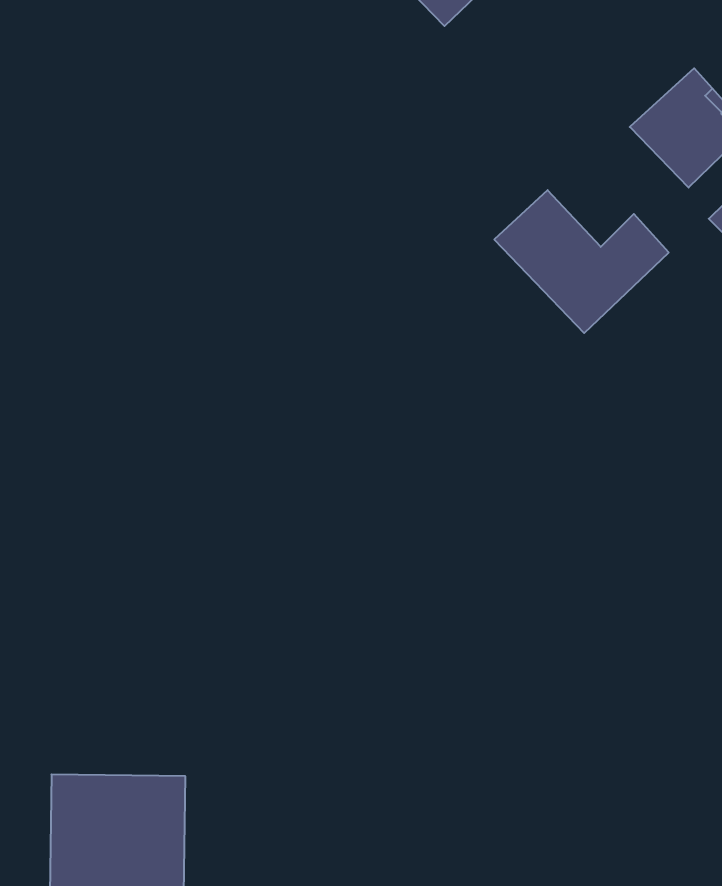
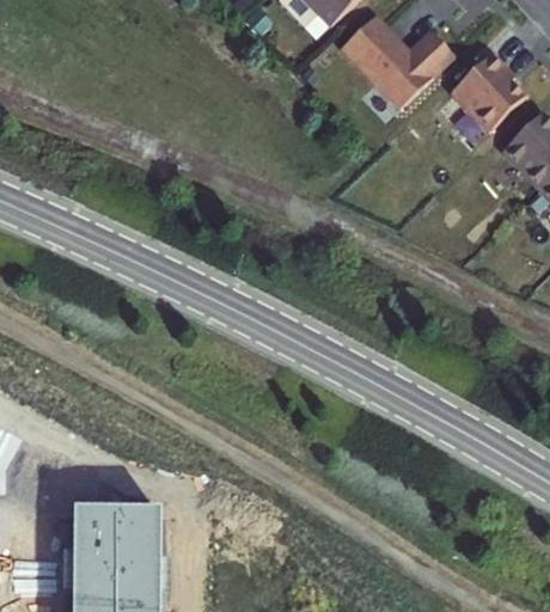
building: [494,190,669,333] -> [340,14,453,108]

